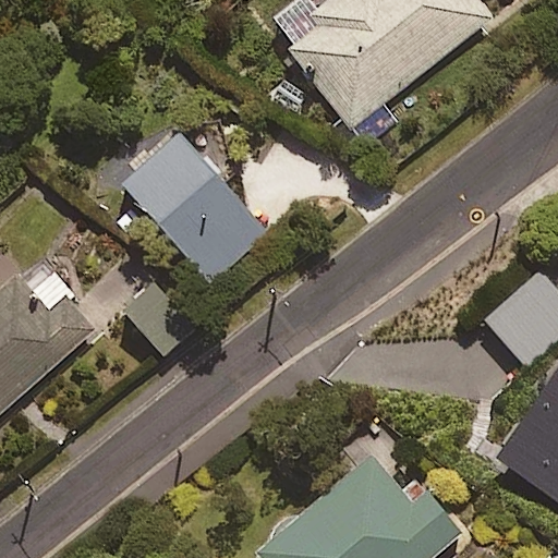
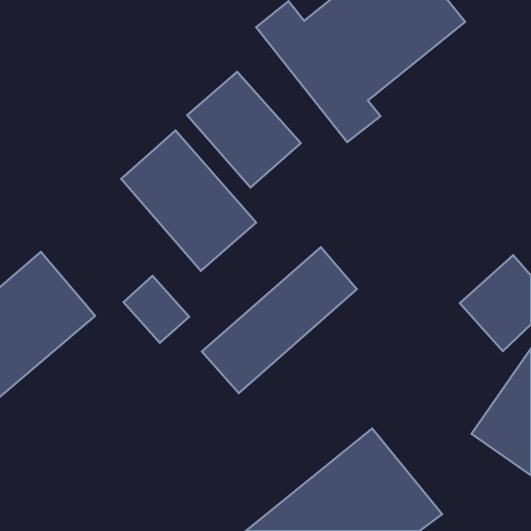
building: none -> [187,72,301,188]
building: none -> [202,247,357,393]

